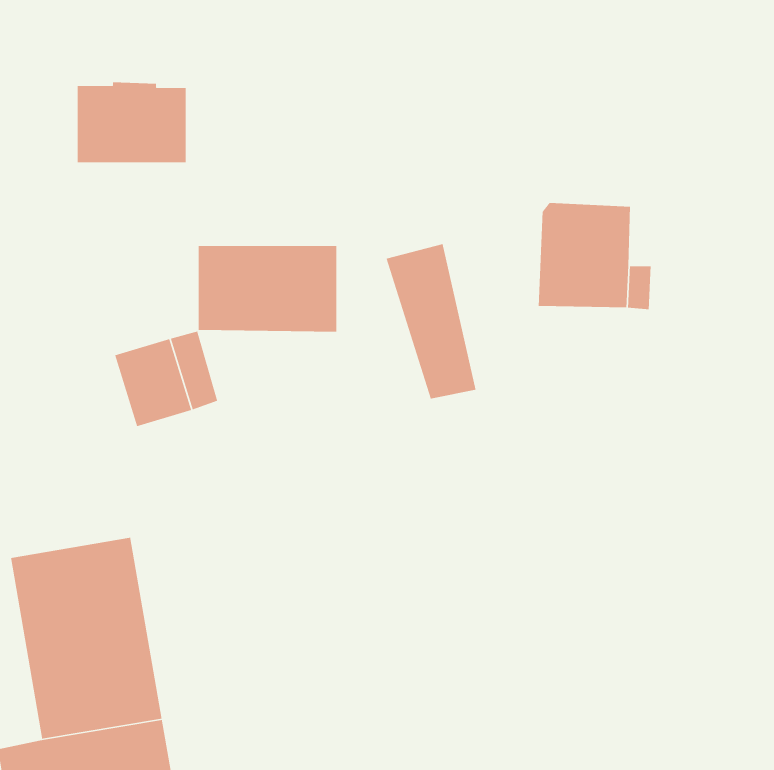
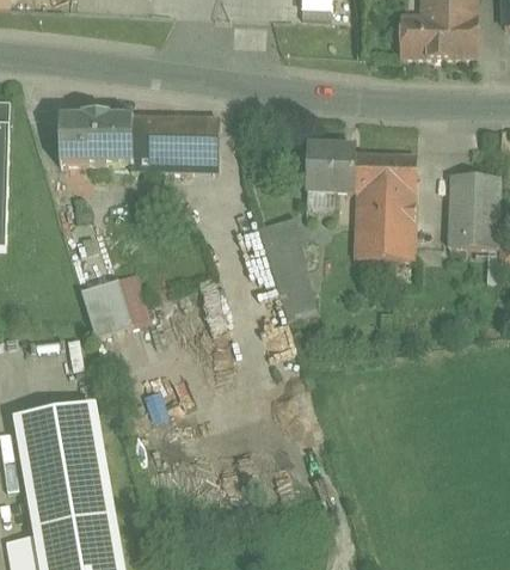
building: none -> [305,142,416,192]
building: none -> [448,173,498,246]
building: [198,245,337,332] -> [129,116,219,172]

